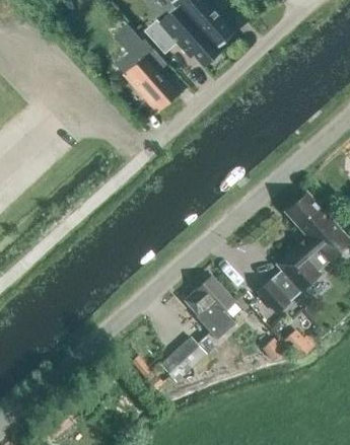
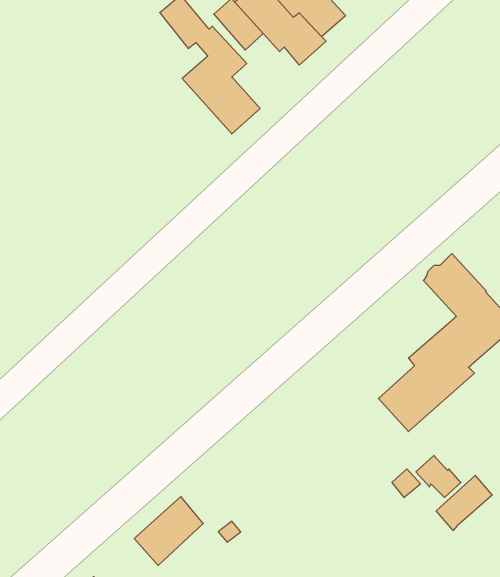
building: [185,276,235,340] -> none
building: [160,336,207,382] -> [134,497,203,565]
building: none -> [436,475,492,530]

